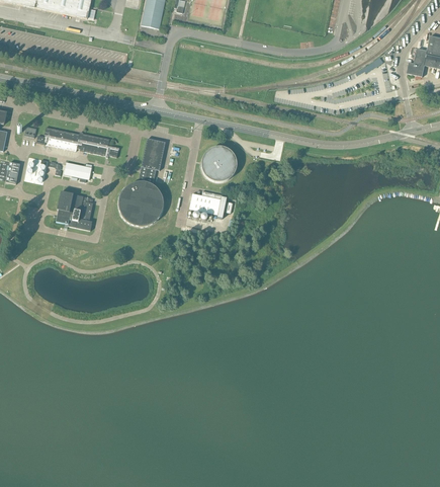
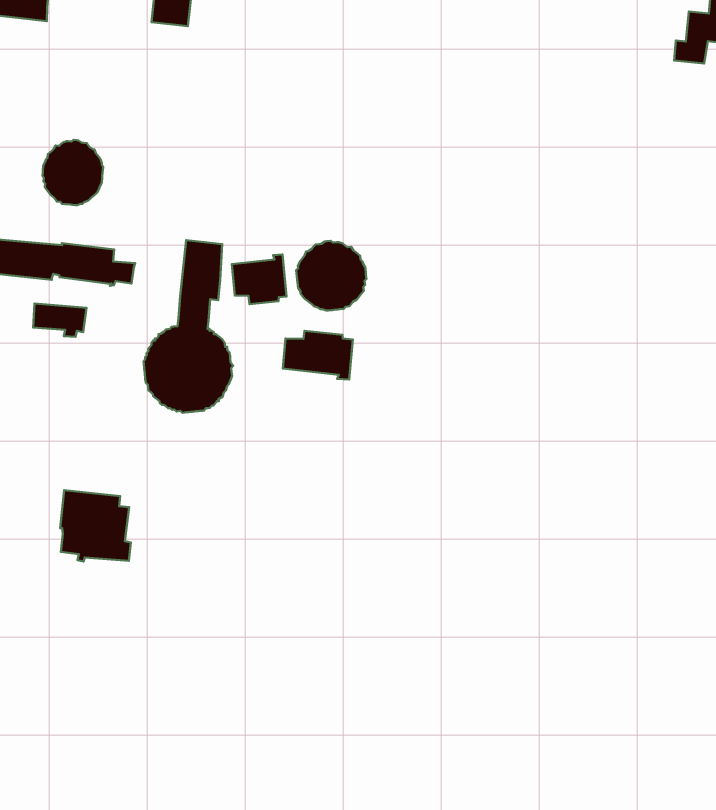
building: none -> [42,140,103,205]
building: none -> [232,255,286,304]
building: [56,190,93,230] -> [60,490,131,561]

